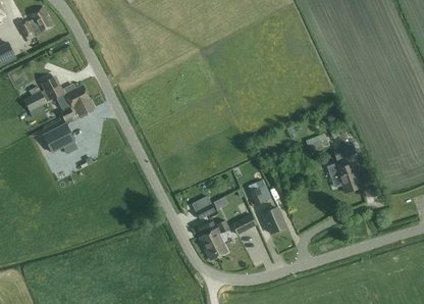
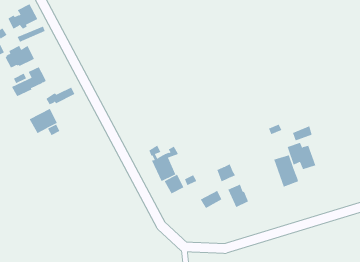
building: [57,84,90,109] -> [5,45,34,68]
building: none -> [274,154,299,188]
building: [196,218,229,259] -> [148,145,179,182]

